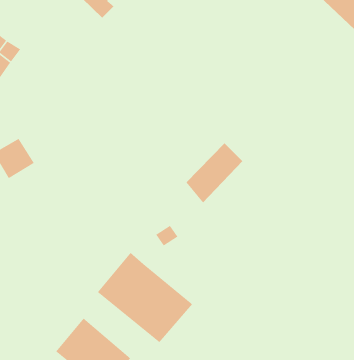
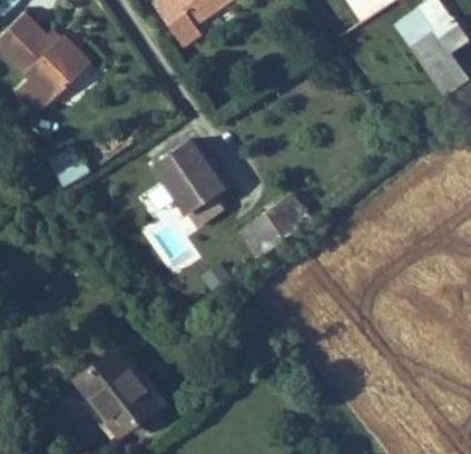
building: none -> [151,139,222,230]
building: [97,252,193,343] -> none

